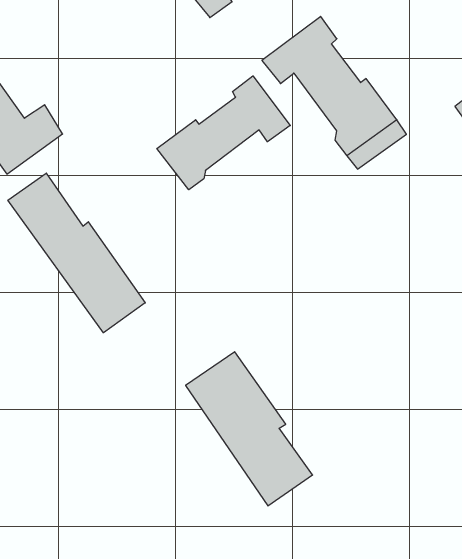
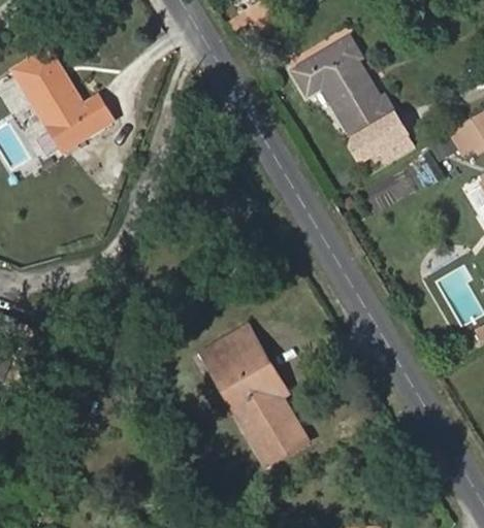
building: [157,76,290,190] -> none
building: [8,173,145,333] -> none

